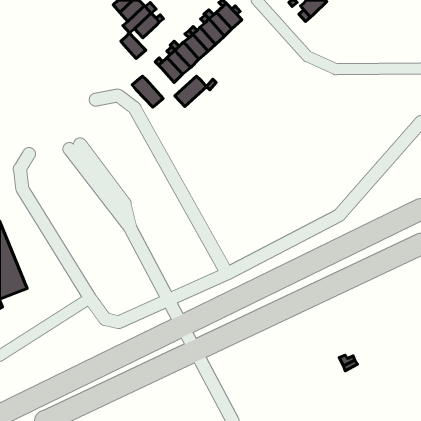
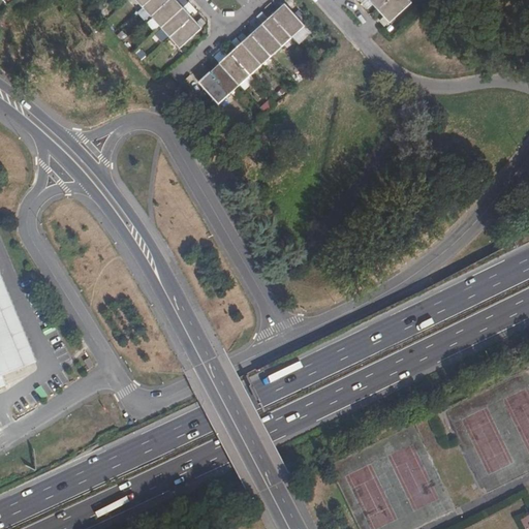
building: [121,33,146,58] -> none
building: [175,76,207,106] -> none
building: [132,76,163,107] -> none

